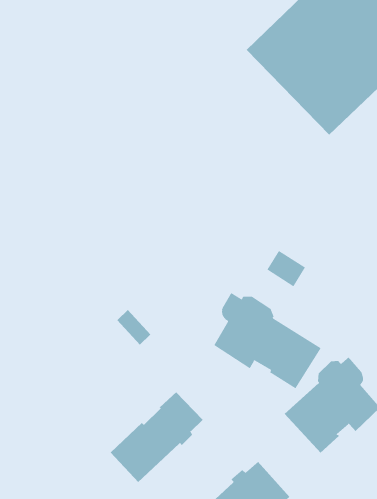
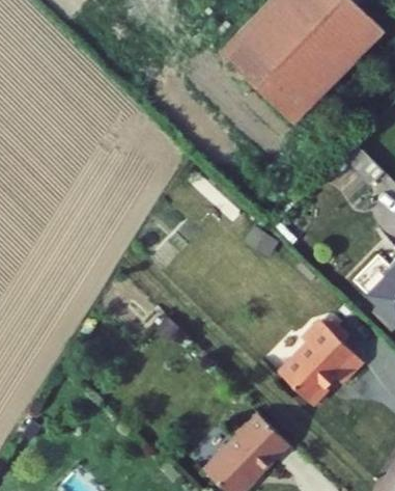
building: [214,292,322,389] -> none
building: [110,391,203,483] -> none

